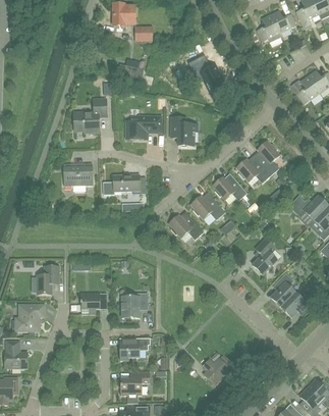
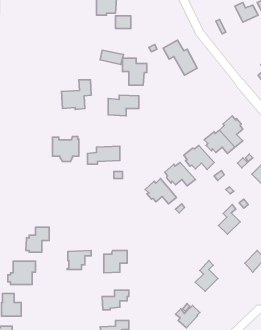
building: [257,14,281,42] -> none
building: [170,114,198,145] -> [123,58,147,85]
building: [270,271,295,306] -> [195,261,218,291]

